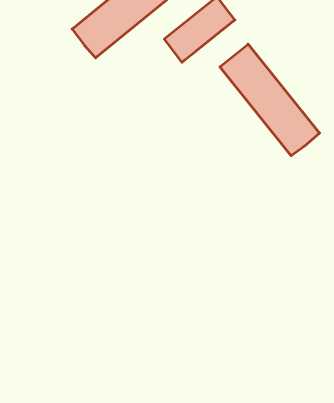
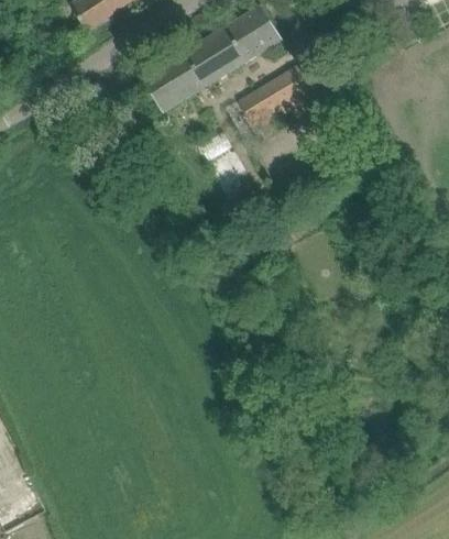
building: [220,44,320,156] -> none

